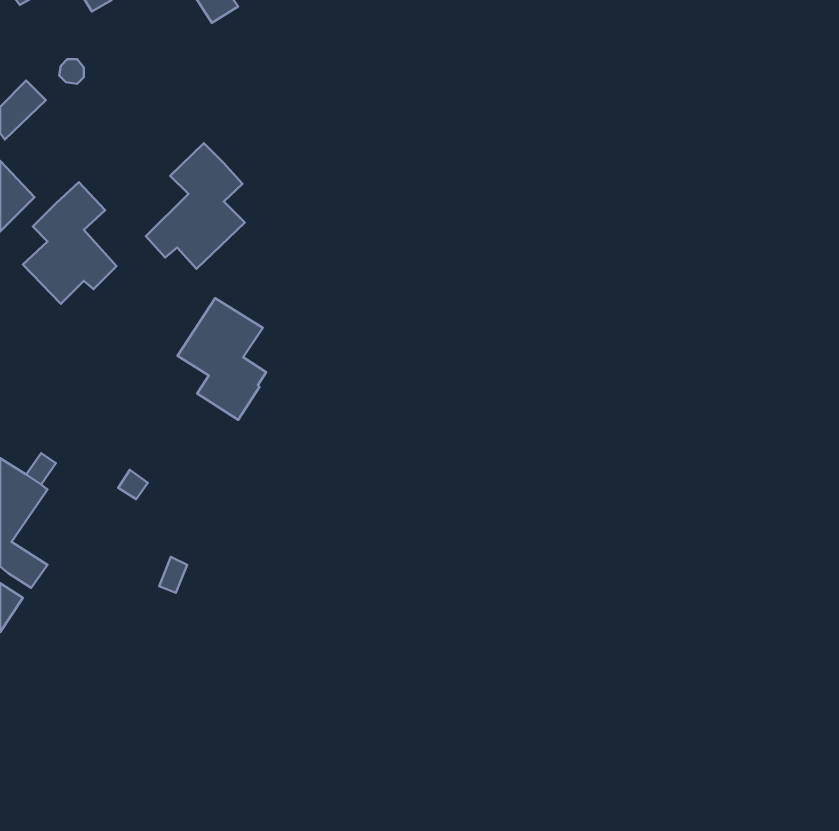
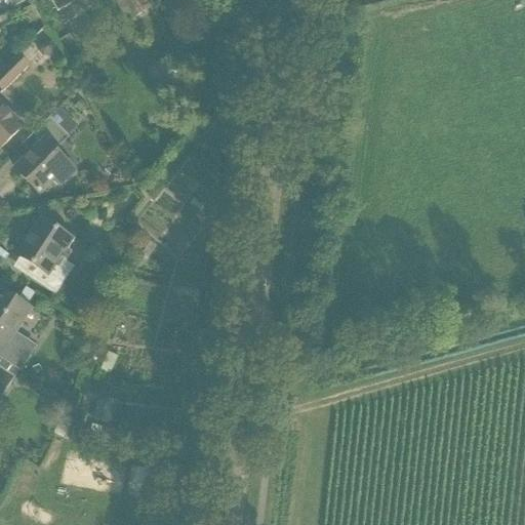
building: [146,143,245,269] -> none
building: [177,298,266,420] -> [17,216,73,292]

